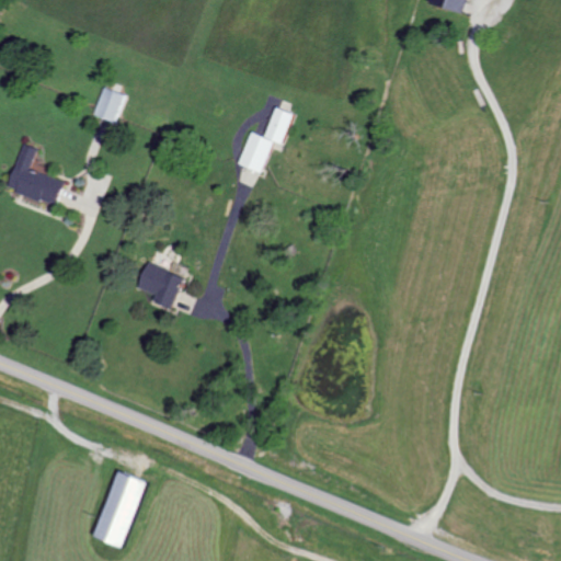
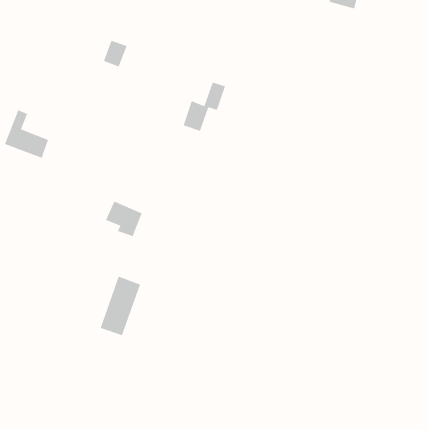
building: [92,87,124,122] -> [103,40,128,67]
building: [92,470,146,548] -> [100,276,141,336]

